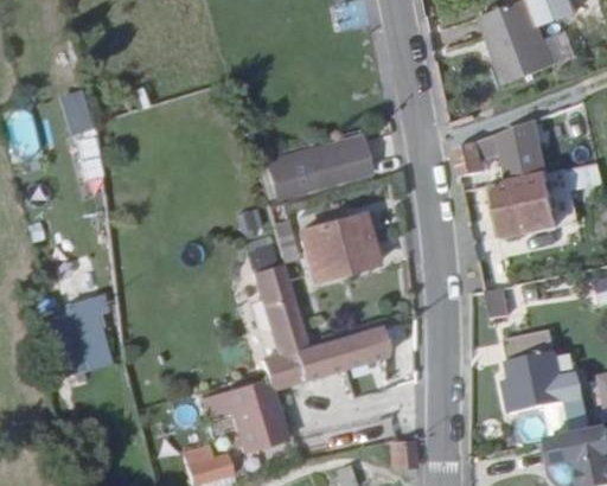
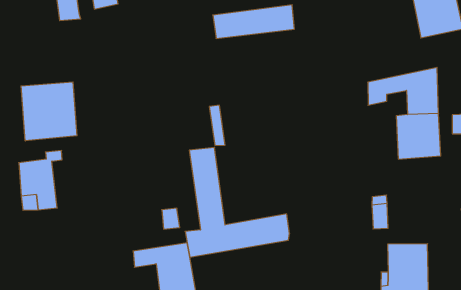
building: [271,140,371,194] -> [213,5,294,38]
building: none -> [21,82,77,141]
building: [304,212,379,280] -> none

